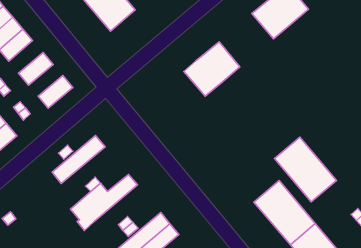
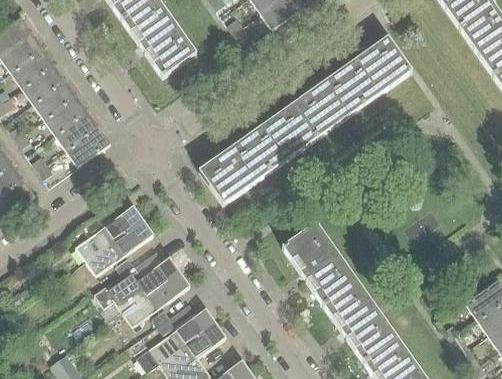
building: none -> [297,70,365,135]
building: none -> [33,80,77,119]
building: none -> [55,112,99,150]
building: none -> [199,135,274,204]
building: [274,137,337,202] -> [282,223,357,305]
building: none -> [85,220,154,275]
building: none -> [122,271,190,327]

